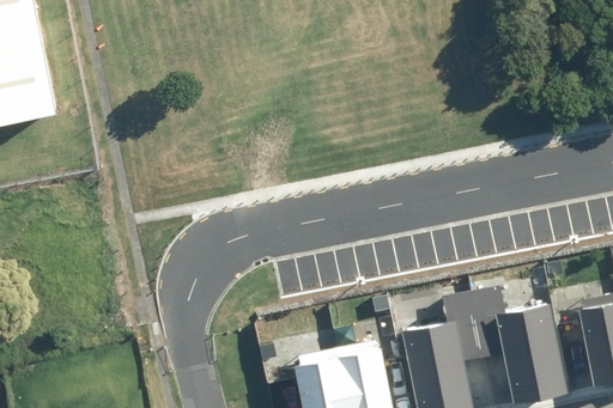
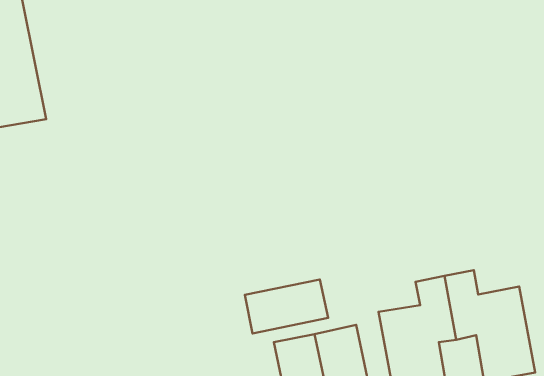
building: none -> [245,280,328,334]

